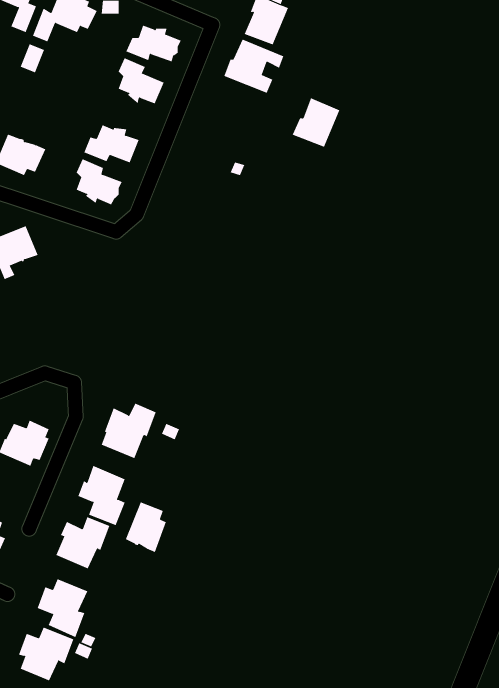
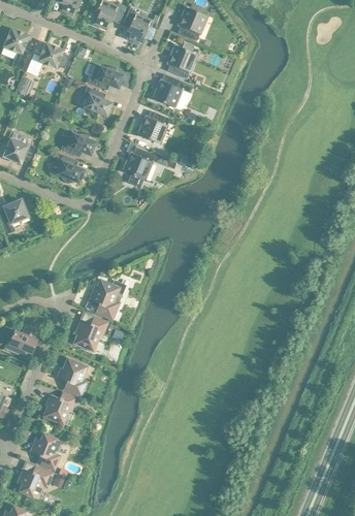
building: [292,98,340,147] -> [137,109,169,142]
building: none -> [123,147,154,182]
building: none -> [87,277,121,320]
building: [125,501,167,553] -> none

